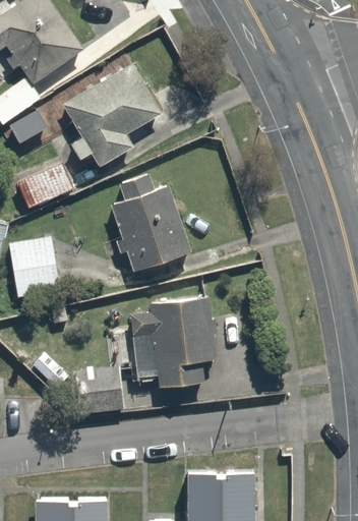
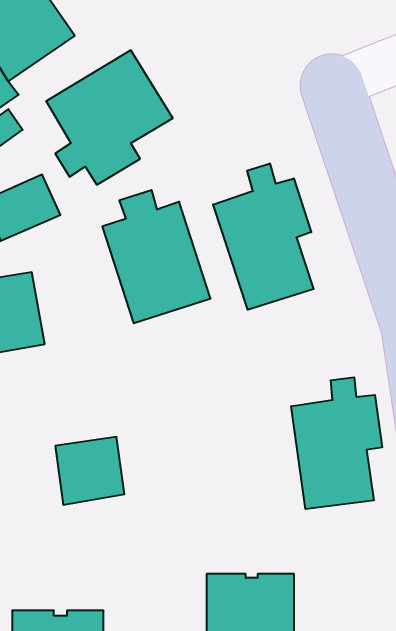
building: none -> [213,163,314,310]
building: [121,292,219,407] -> none
building: none -> [291,377,382,509]

